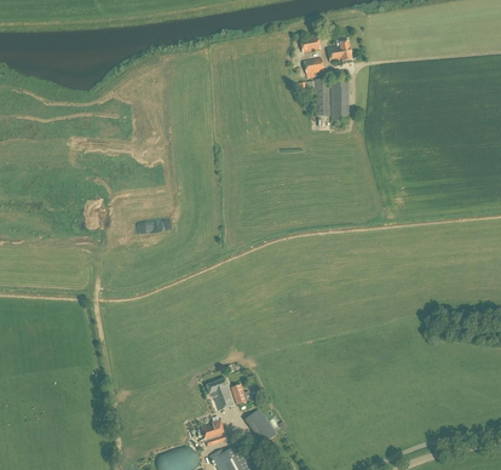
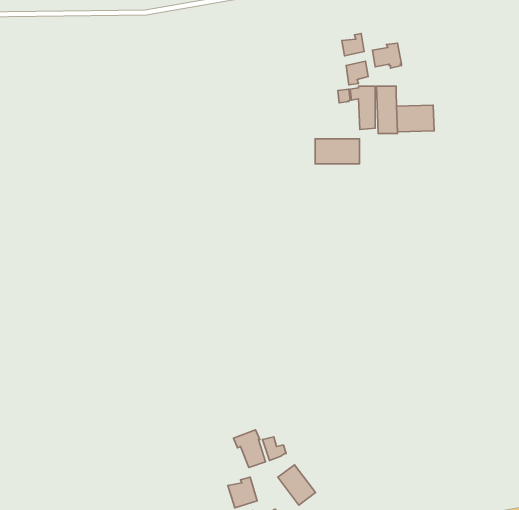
building: none -> [397,105,434,132]
building: none -> [315,139,360,164]

